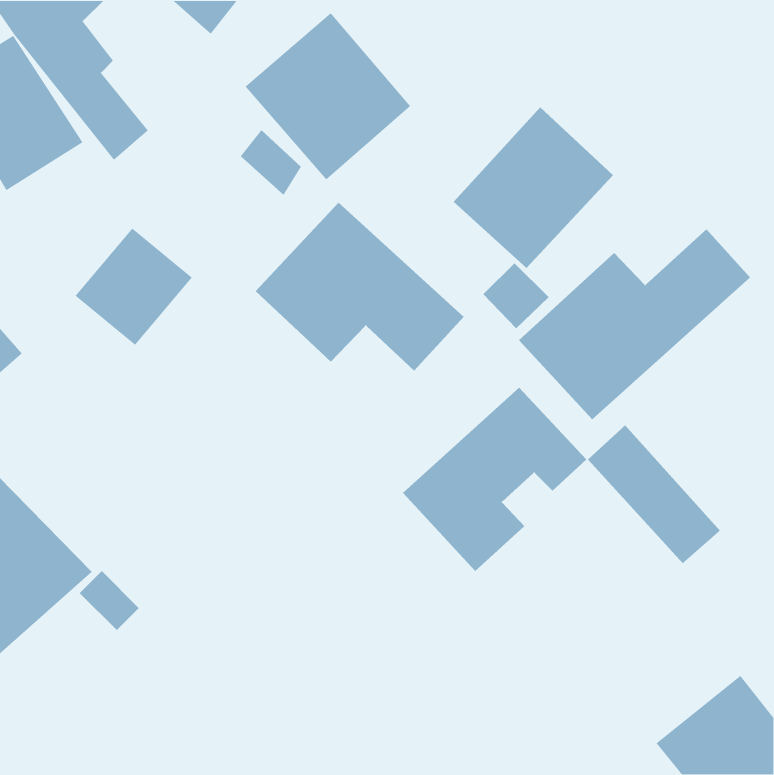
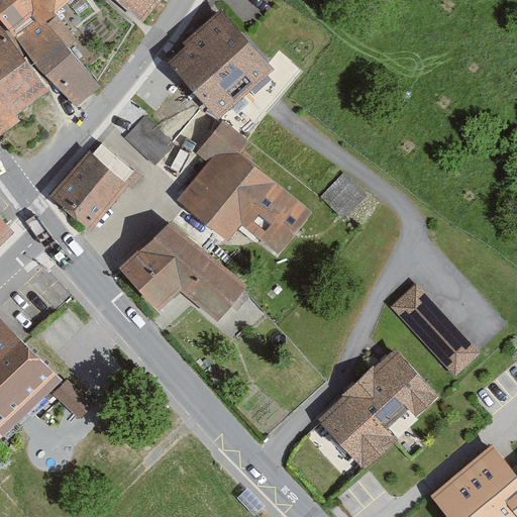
building: [453,106,614,269] -> none
building: [240,129,302,196] -> [129,117,171,162]
building: [518,228,751,420] -> none
building: none -> [116,225,245,322]
building: [402,387,587,572] -> [315,348,438,472]

